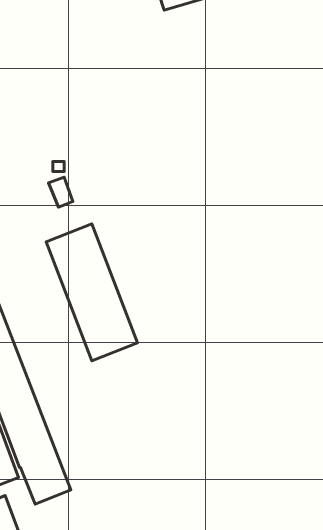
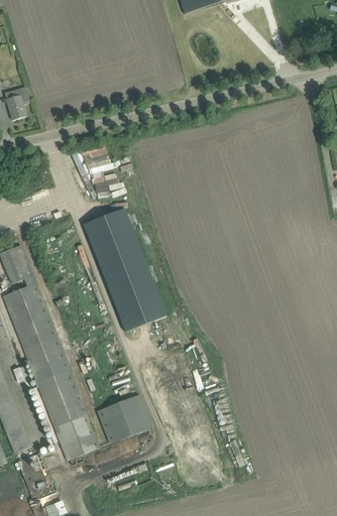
building: none -> [97,393,152,443]

